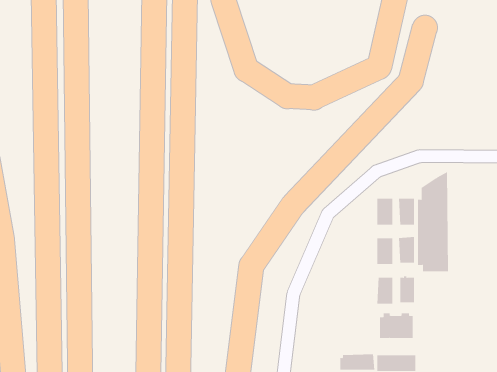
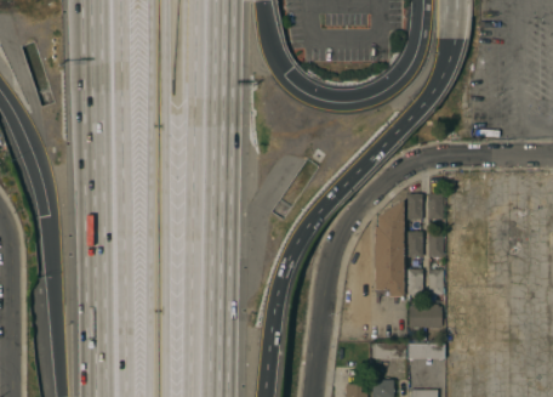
building: [417,171,449,272] -> [375,202,405,297]

